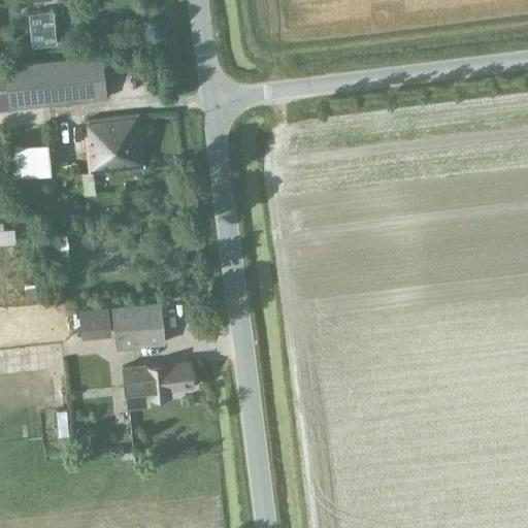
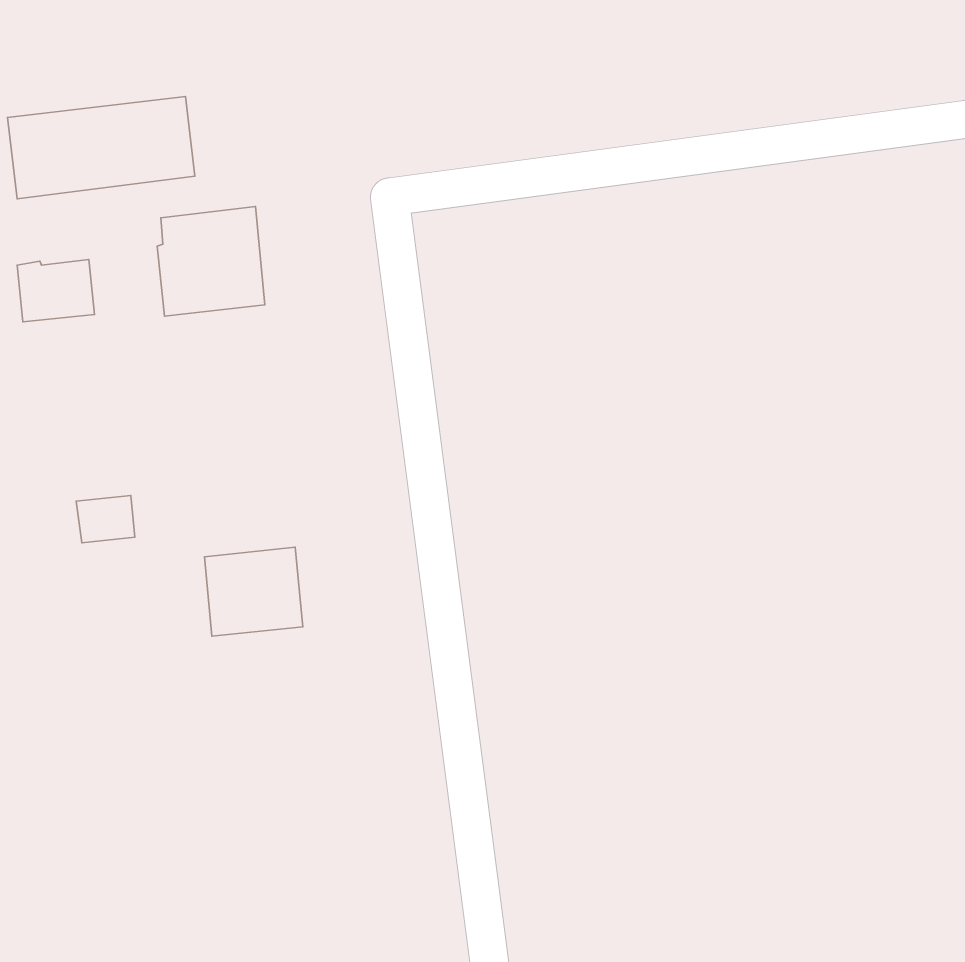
building: [29,16,55,51] -> none
building: [79,310,111,336] -> [76,495,135,543]
building: [123,362,194,409] -> none

